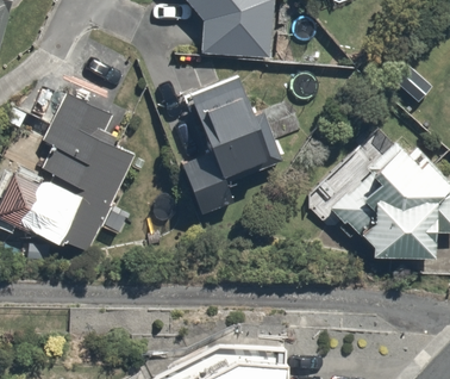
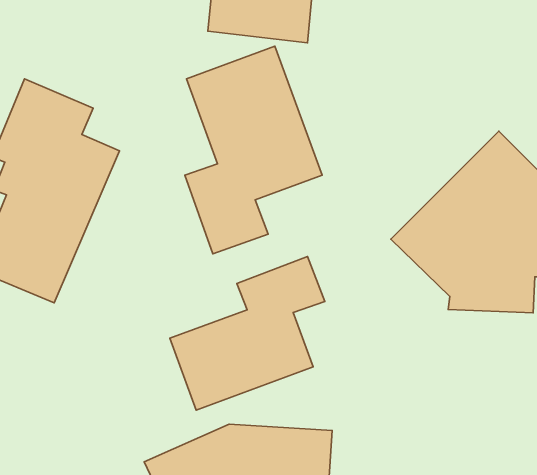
building: none -> [170,257,325,410]

